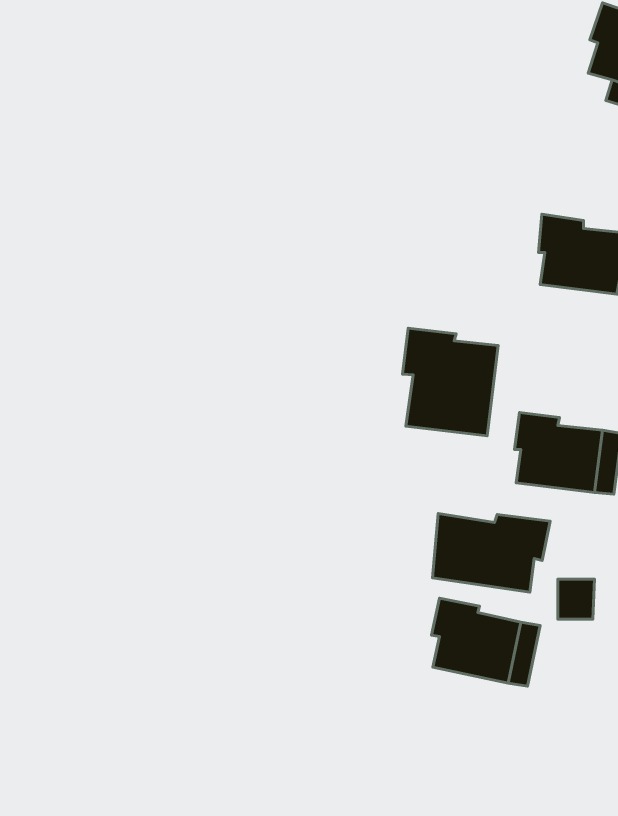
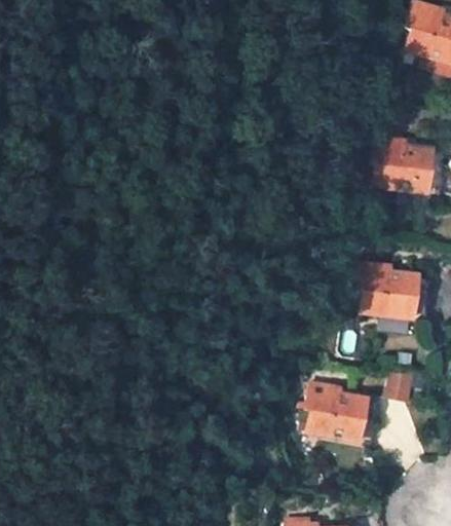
building: [403,328,498,436] -> none
building: [433,513,550,592] -> none

